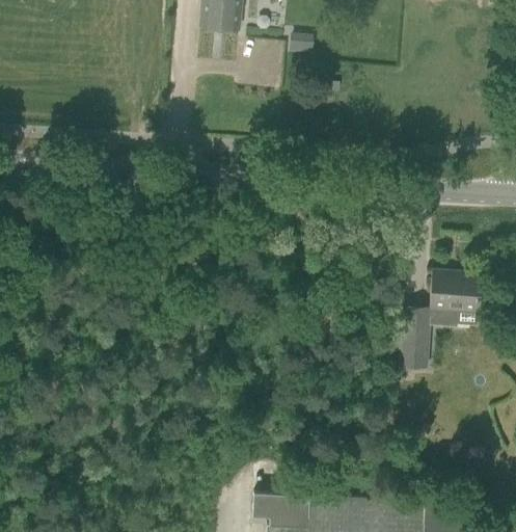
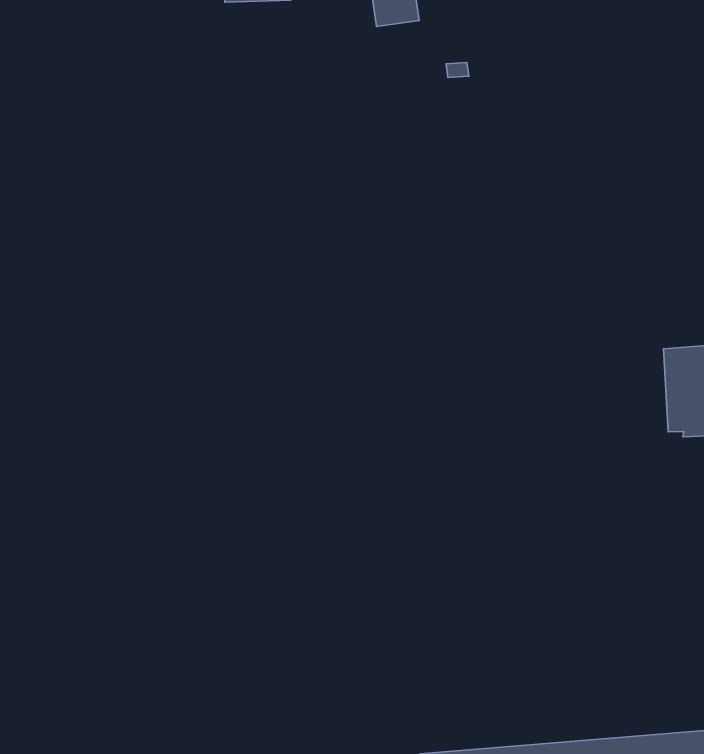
building: [397,325,430,370] -> none

